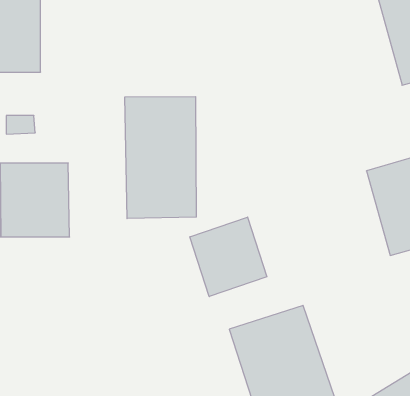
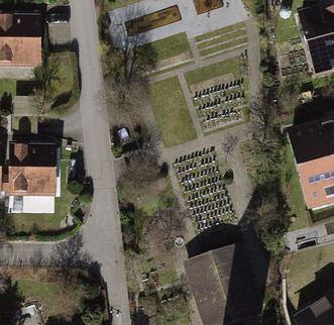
building: [125,97,196,219] -> none
building: [190,217,267,297] -> none

